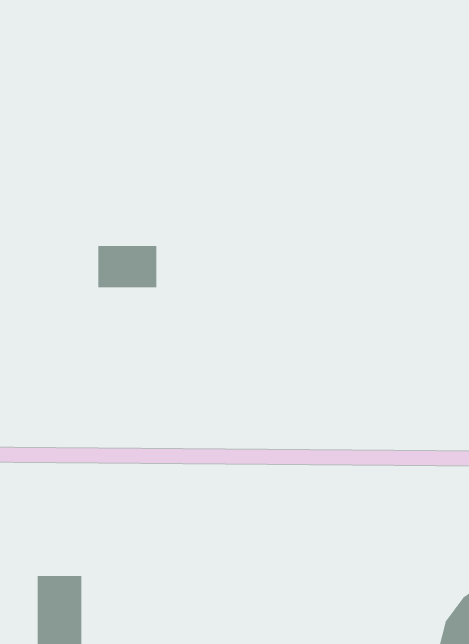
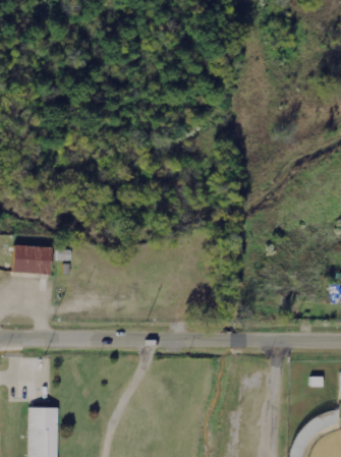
building: [98,245,157,288] -> [12,245,51,273]

